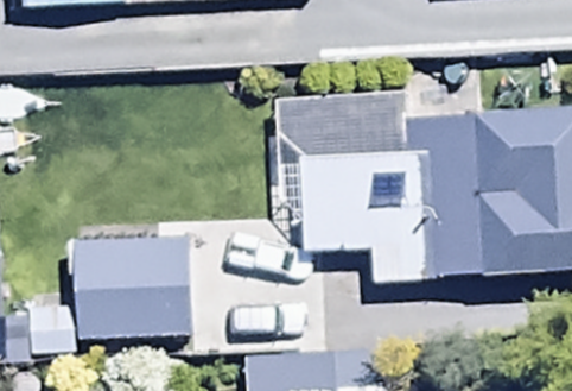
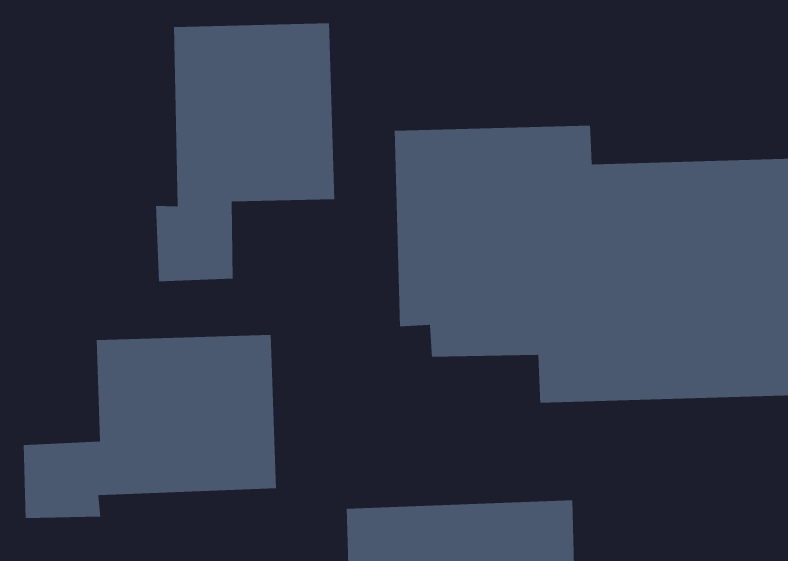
building: none -> [155,23,335,282]

